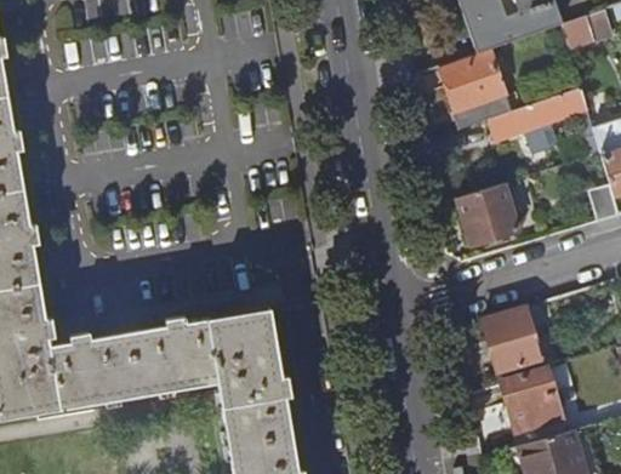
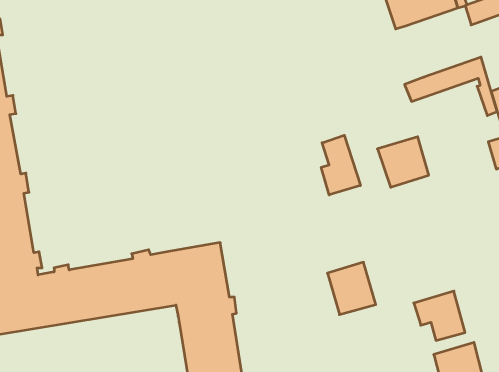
building: [440,50,513,130] -> none
building: none -> [321,135,360,195]
building: [483,307,541,370] -> [327,262,376,315]

